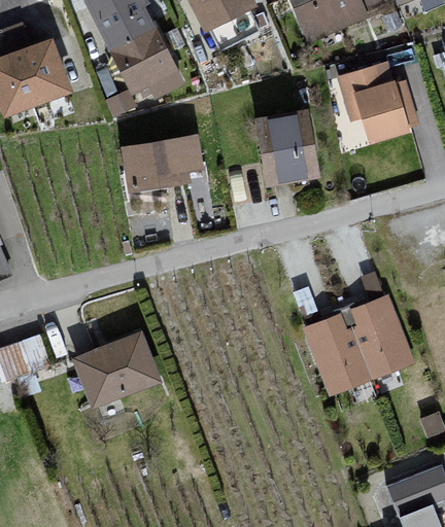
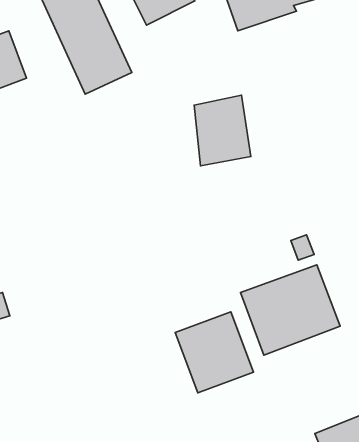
building: [340,59,420,141] -> none
building: [122,137,203,191] -> none
building: [71,331,160,410] -> none
building: none -> [175,312,253,393]

